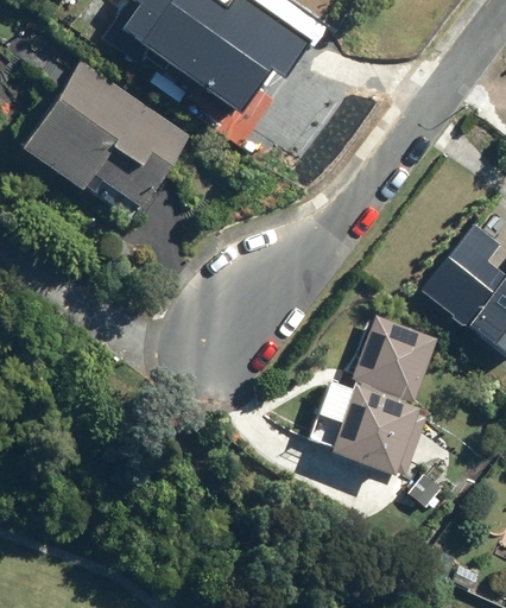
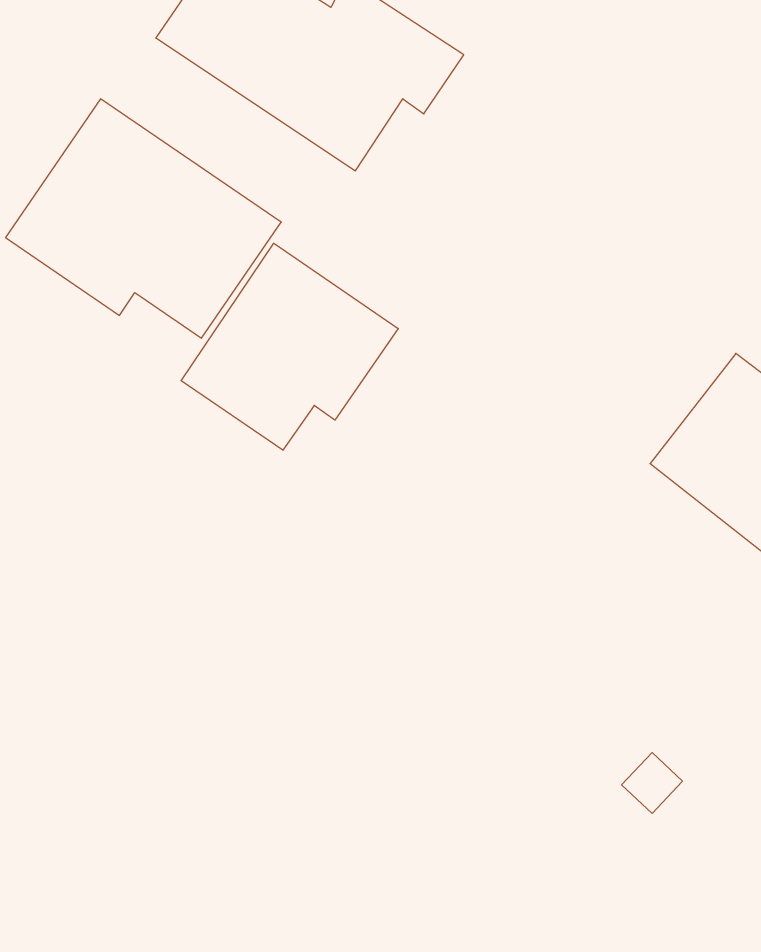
building: none -> [181,243,398,450]
building: [321,317,437,476] -> none

